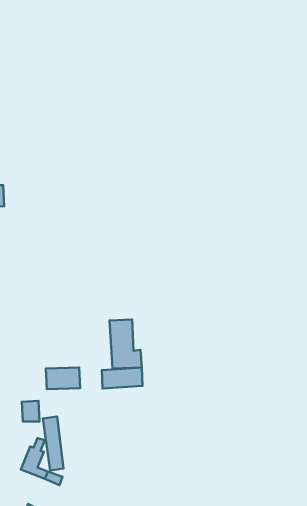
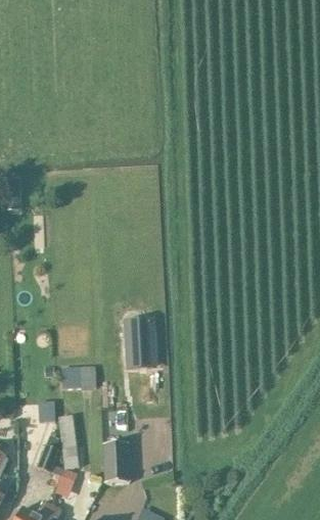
building: [102,367,143,389] -> none
building: none -> [103,441,129,482]

